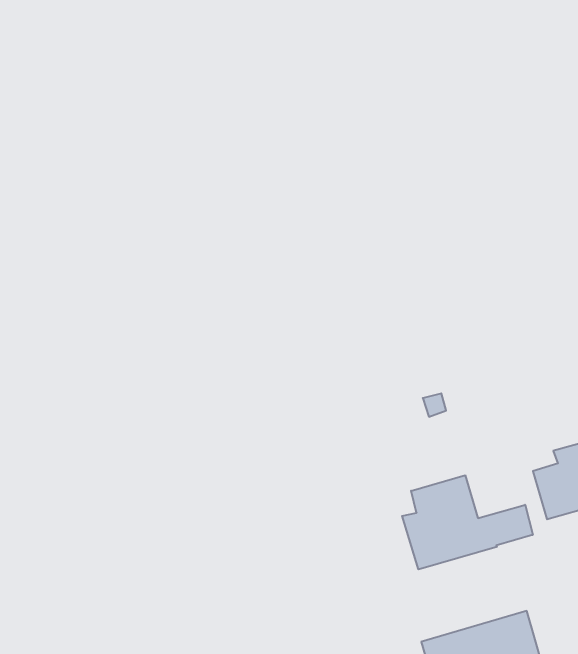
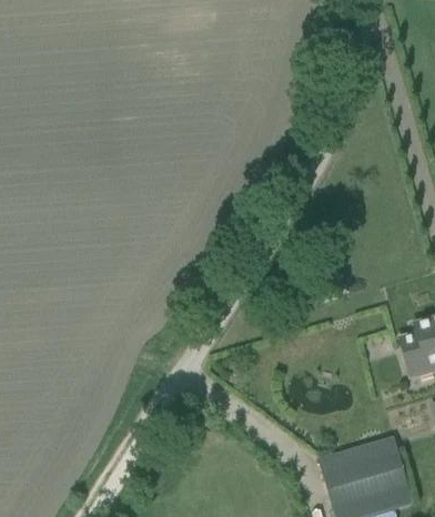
building: [402,475,533,569] -> none

